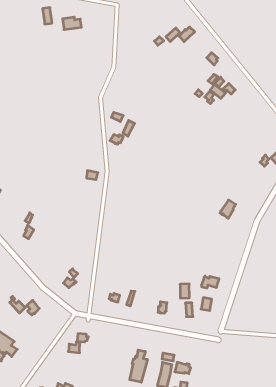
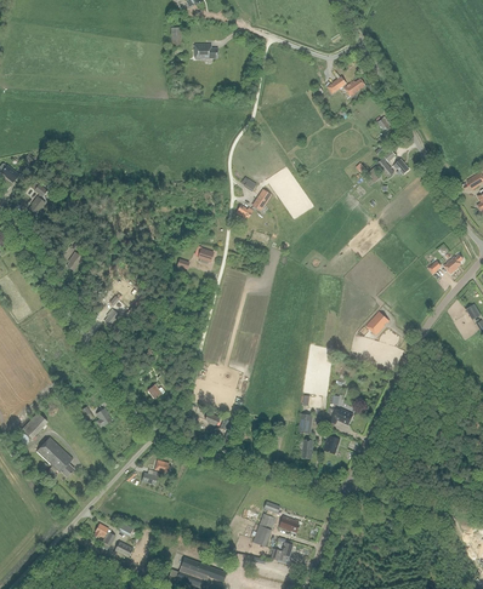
building: [130,350,147,382] -> none

